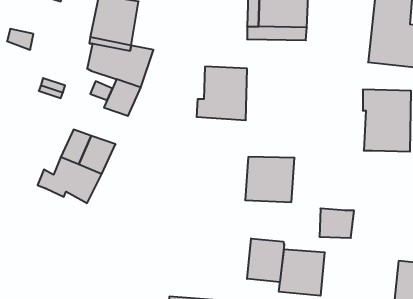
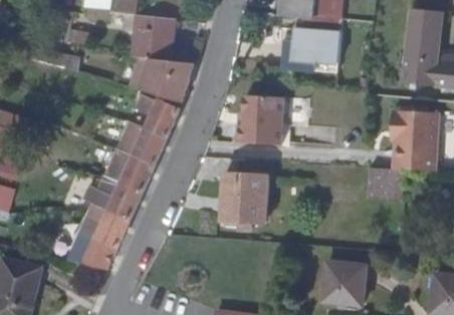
building: none -> [118,119,170,162]
building: [245,157,295,202] -> [219,174,266,217]
building: none -> [80,204,131,267]
building: [319,208,354,238] -> [370,166,403,194]
building: [247,238,284,282] -> none

